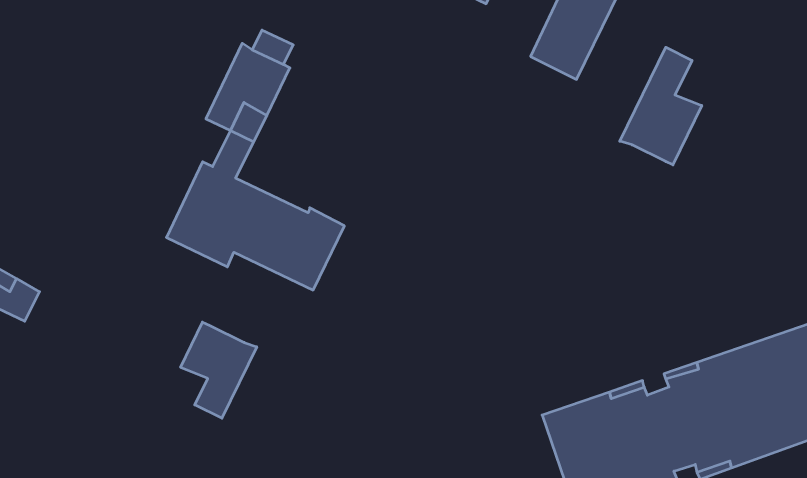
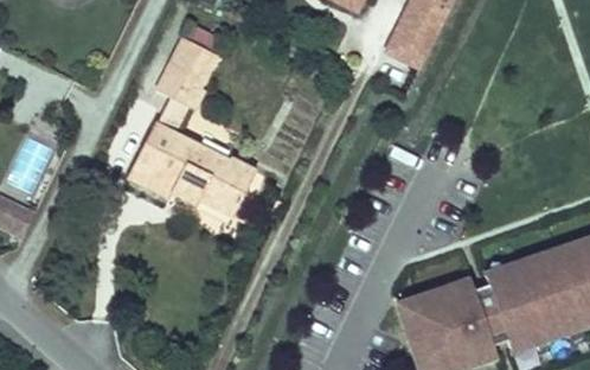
building: [620,47,702,165] -> none
building: [181,322,257,418] -> none

